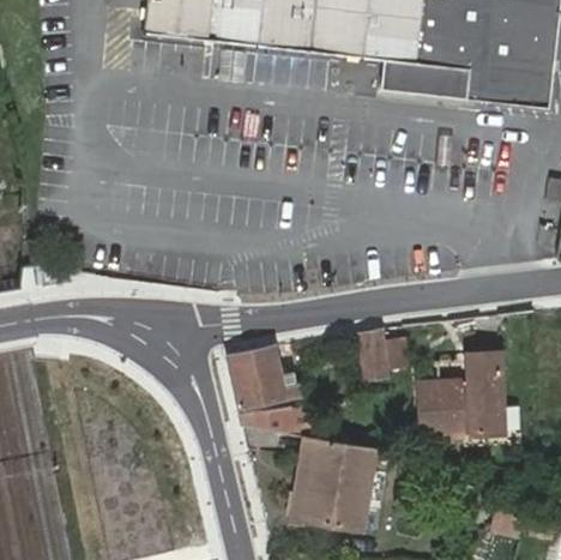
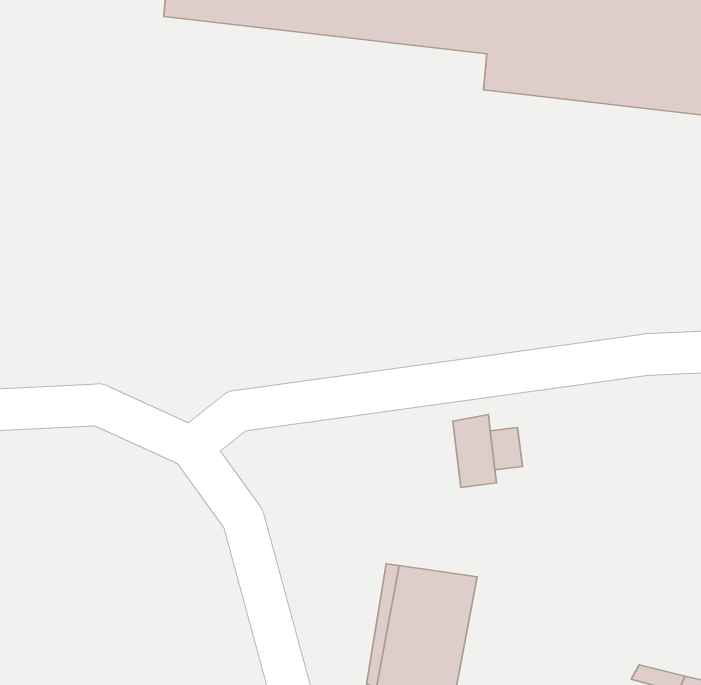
building: [230,345,298,407] -> none
building: [418,355,503,433] -> none
building: [242,407,308,435] -> none

